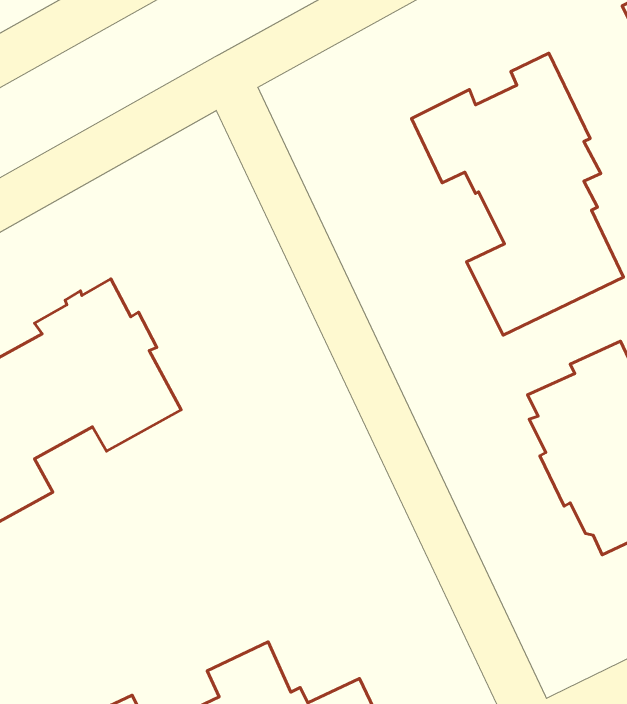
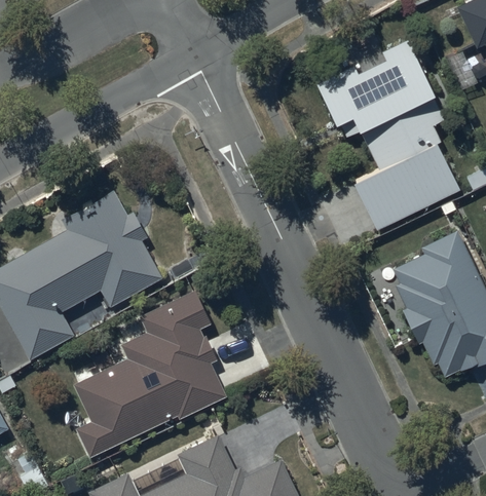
building: none -> [73,292,226,457]

